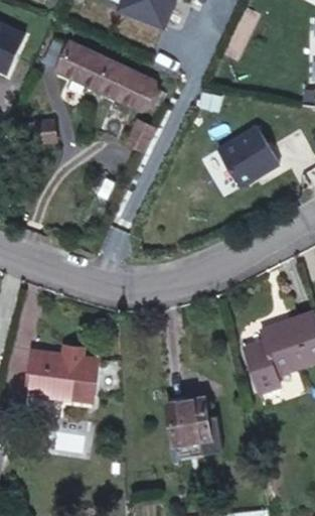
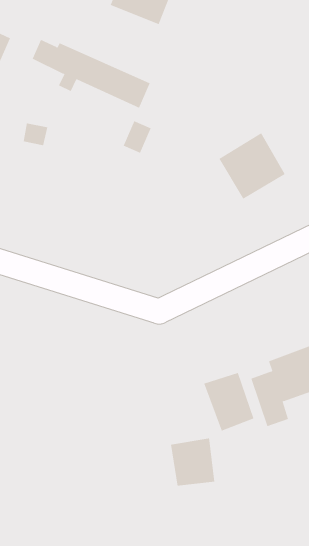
building: none -> [203,372,254,431]
building: [30,357,102,405] -> none

